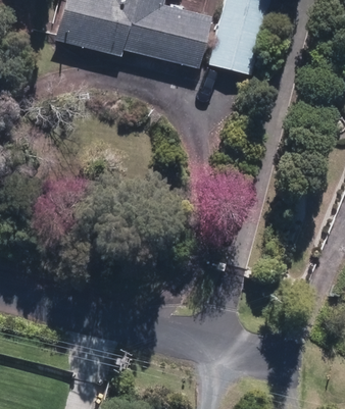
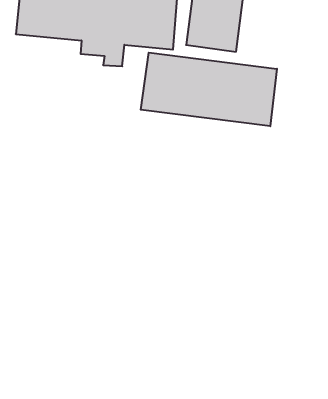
building: none -> [141,53,277,126]

